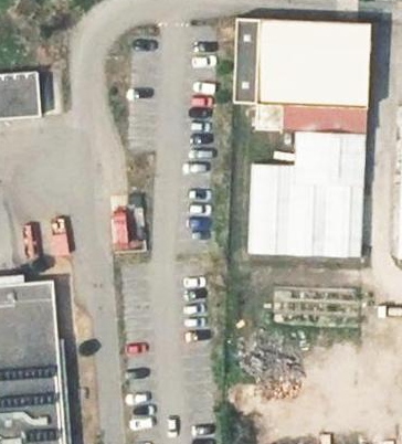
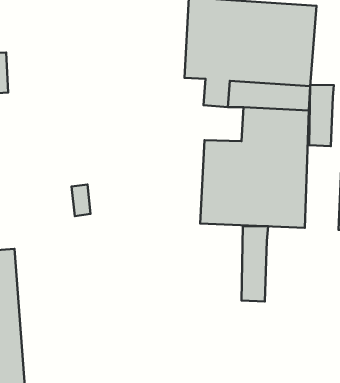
building: none -> [309,85,334,146]
building: none -> [241,226,268,302]

